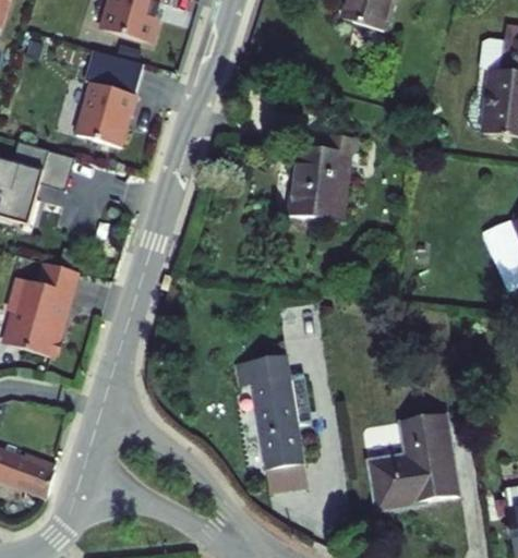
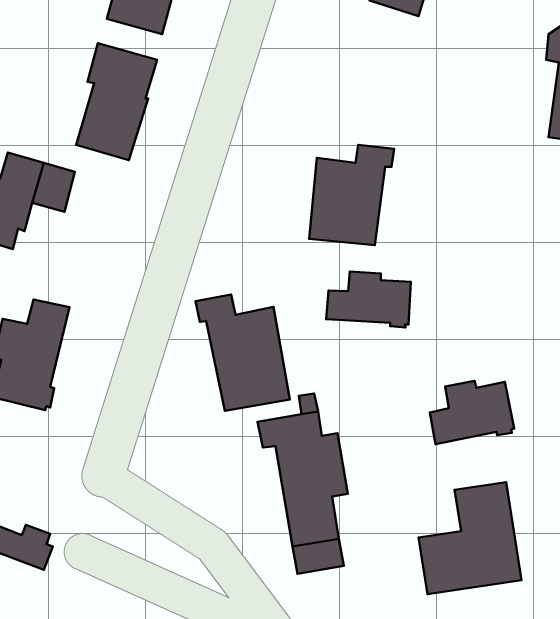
building: none -> [326,272,411,328]
building: none -> [195,294,290,411]
building: none -> [430,381,514,444]

